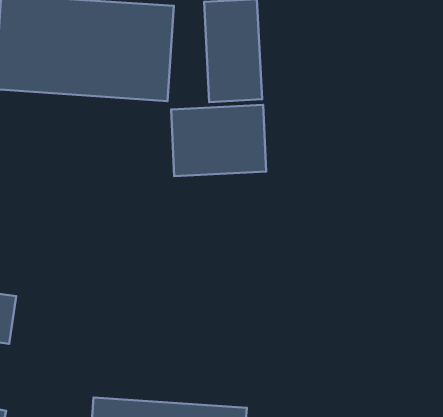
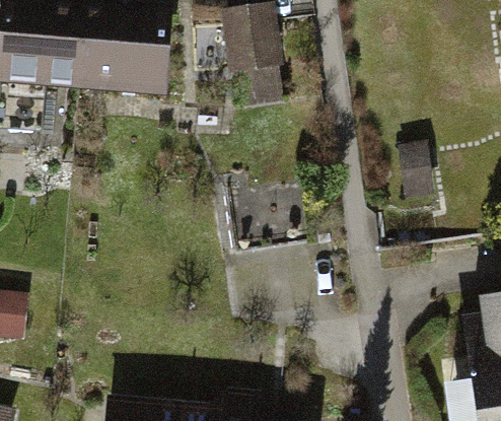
building: [171,105,266,176] -> none

